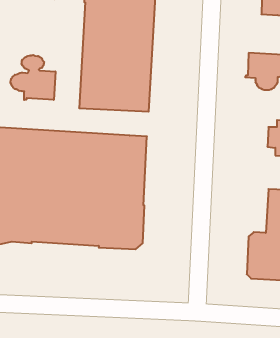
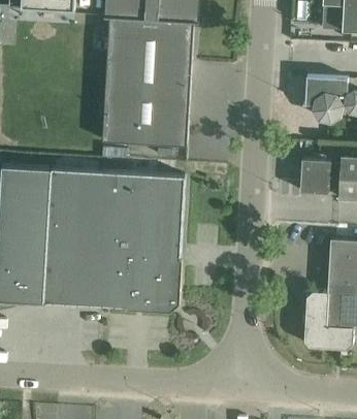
building: [11,55,55,100] -> none
building: none -> [300,159,330,194]

